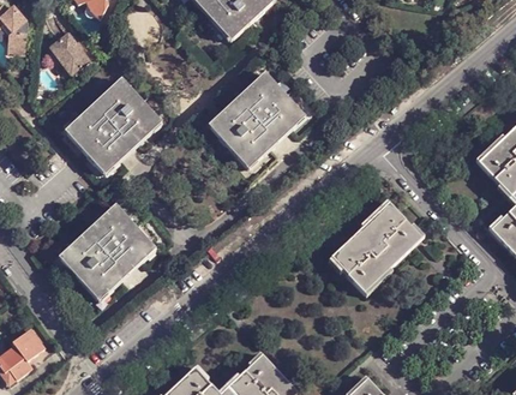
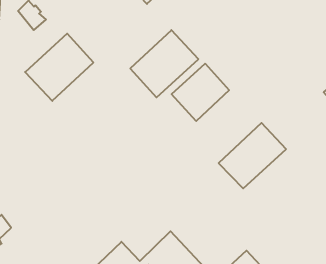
building: none -> [172,64,229,121]
building: [59,205,154,297] -> none

